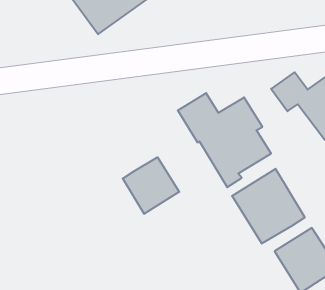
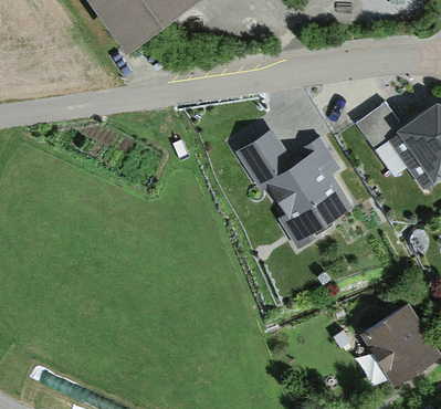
building: [123,157,179,214] -> none
building: [232,169,305,244] -> none

